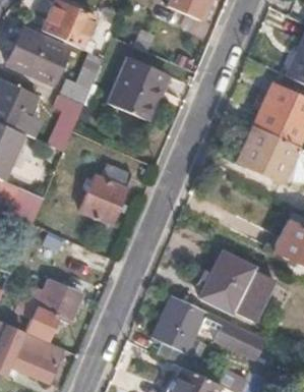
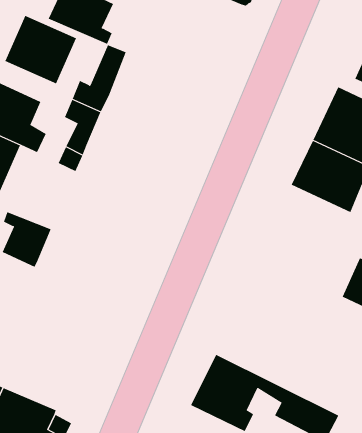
building: [106,57,167,120] -> none
building: [79,163,131,223] -> none
building: [200,253,276,323] -> none
building: [25,279,80,338] -> none

